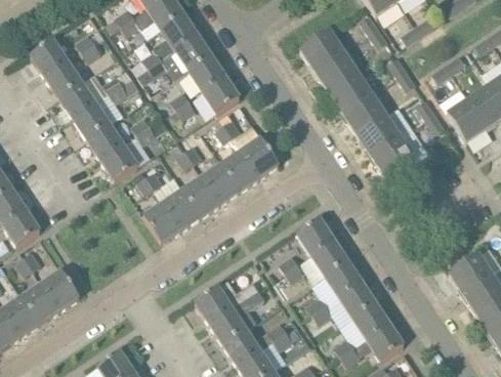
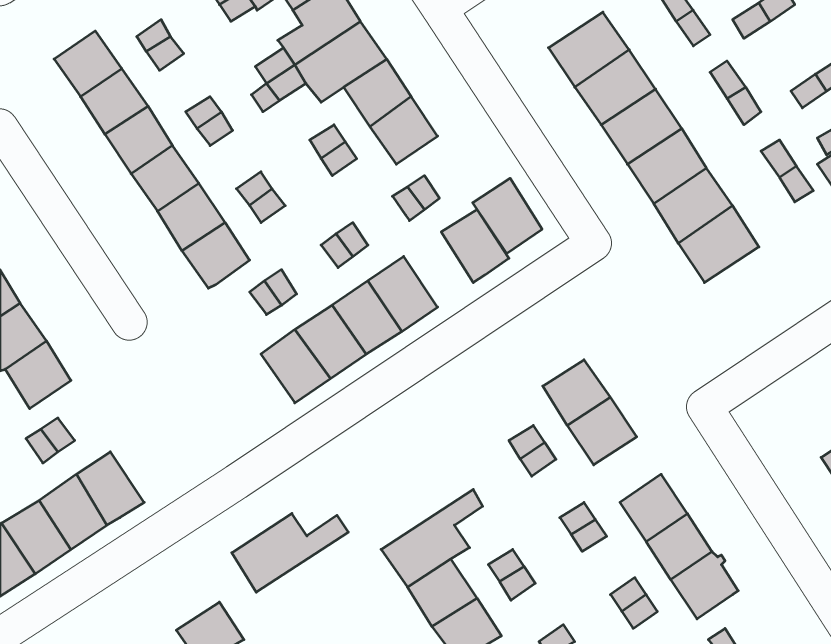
building: [221,150,259,191] -> [473,178,542,253]
building: [325,261,362,297] -> none
building: [196,280,259,323] -> [232,513,348,592]

